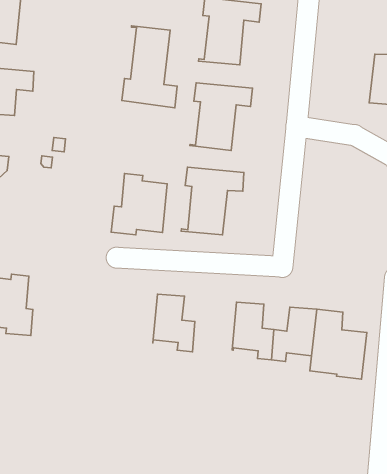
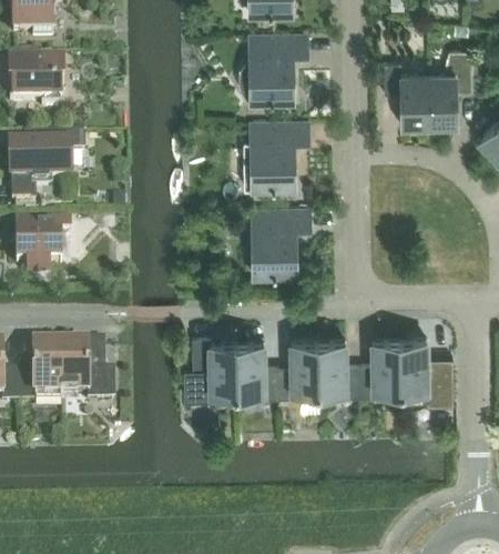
building: [122,26,177,108] -> none
building: none -> [384,63,428,124]
building: [111,173,167,235] -> [185,338,237,399]
building: none -> [277,342,318,397]

